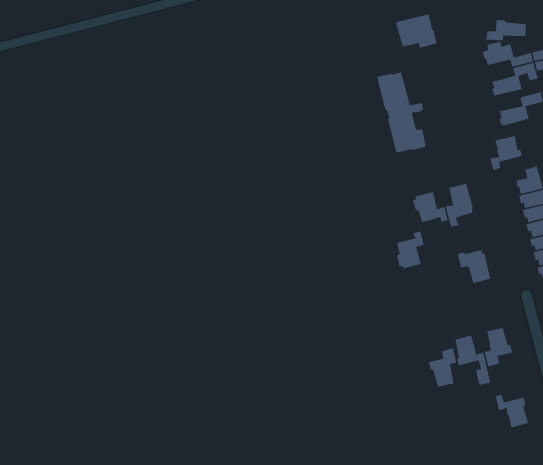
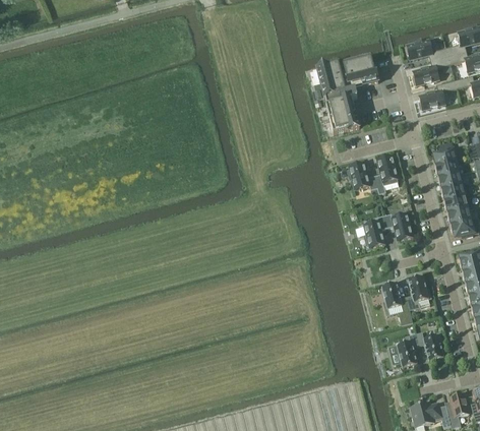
building: [395,13,438,49] -> [342,55,377,84]
building: [485,19,527,41] -> none
building: [489,135,523,171] -> none
building: [396,230,424,269] -> [363,214,386,247]
building: [428,347,457,388] -> [394,332,418,366]

